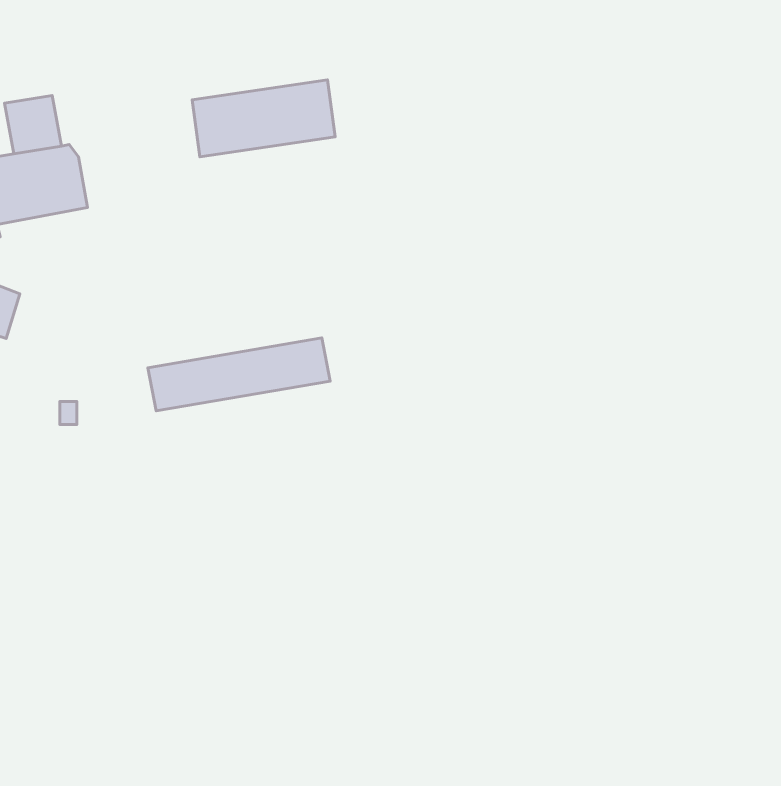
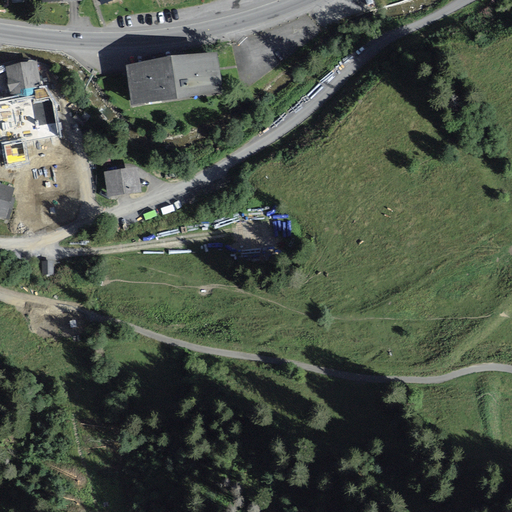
building: none -> [100,165,139,197]
building: [148,338,330,411] -> none

